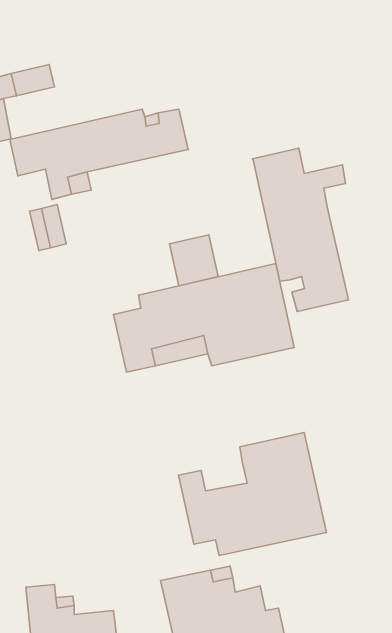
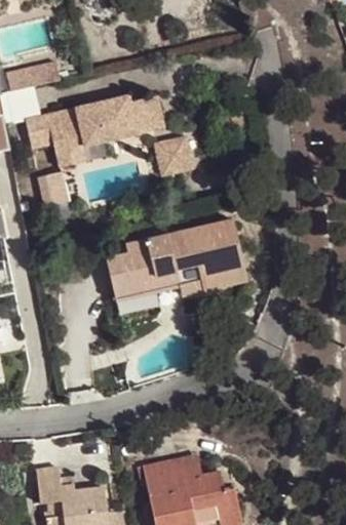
building: [253,148,349,311] -> none
building: [170,235,218,286] -> [154,136,192,176]
building: [179,433,327,555] -> none

